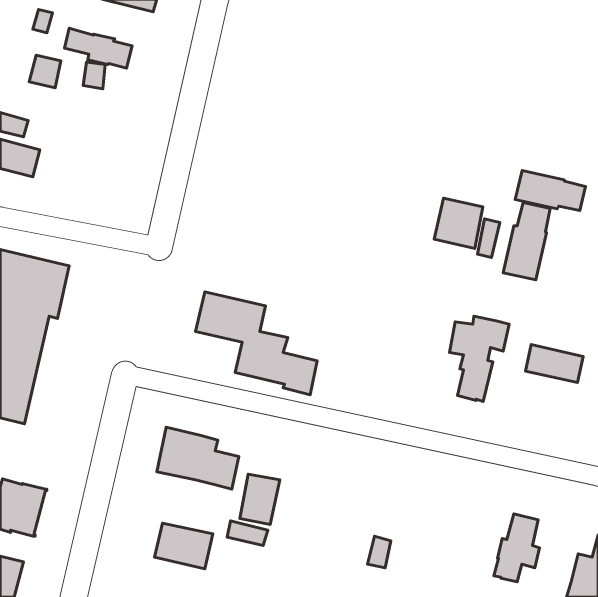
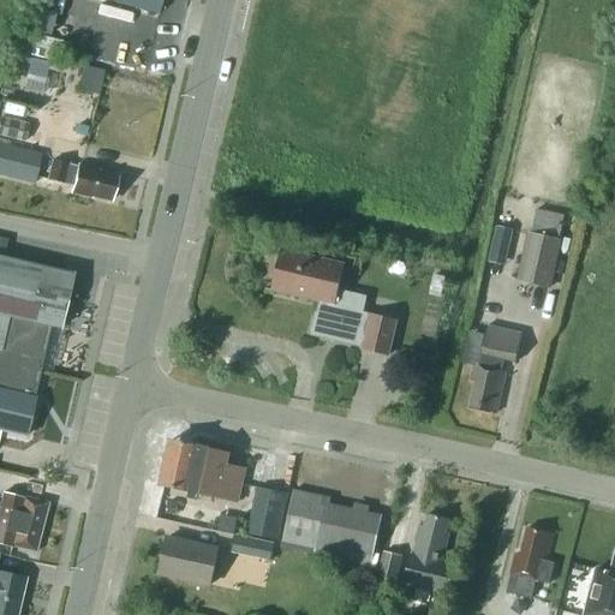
building: [64,28,132,68] -> [47,159,117,199]
building: [515,170,585,210] -> none
building: [434,198,483,248] -> none
building: [195,292,317,395] -> [271,249,396,354]
building: [525,344,583,383] -> none
building: none -> [281,489,382,565]
building: none -> [404,513,455,593]

